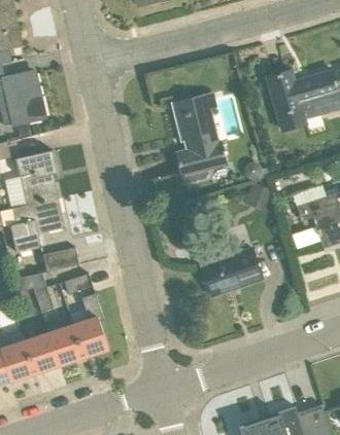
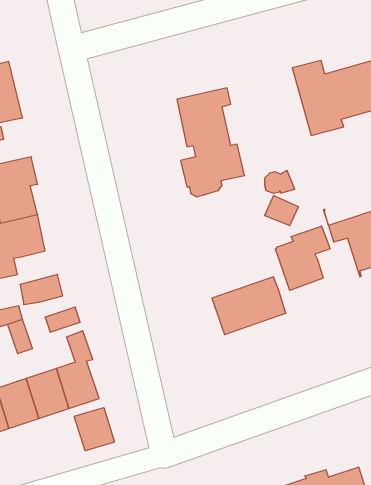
building: none -> [275,226,330,290]
building: none -> [74,408,114,451]

